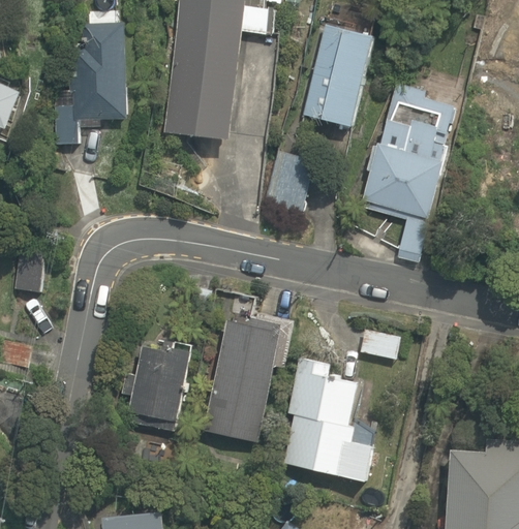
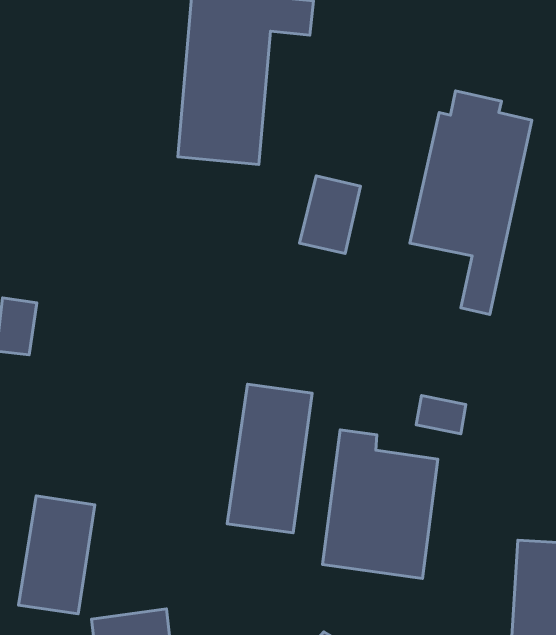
building: [57,22,127,143] -> none
building: [307,23,378,127] -> none
building: [126,336,188,432] -> [19,496,95,614]

